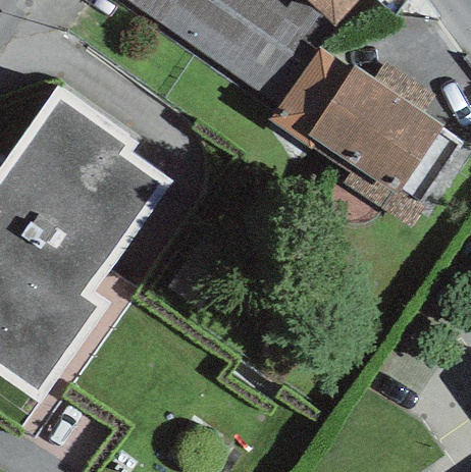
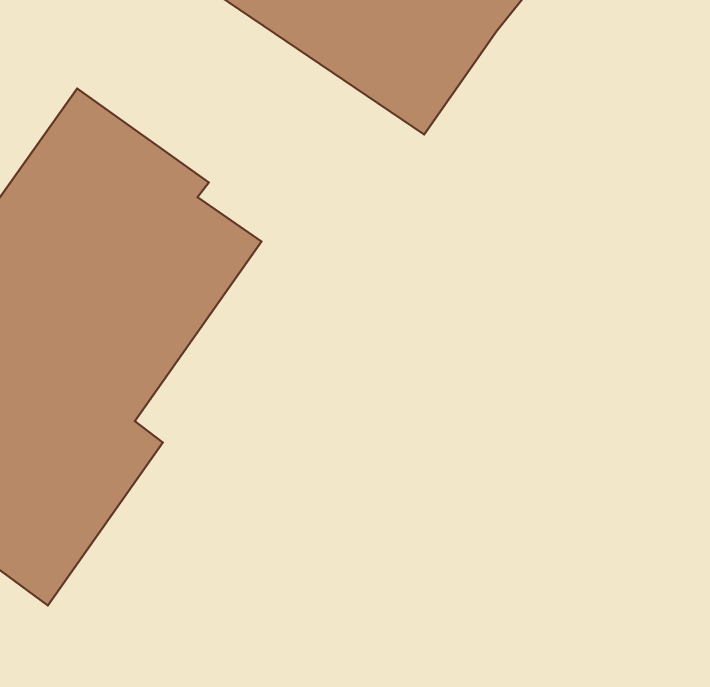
building: [267,41,442,197] -> none

